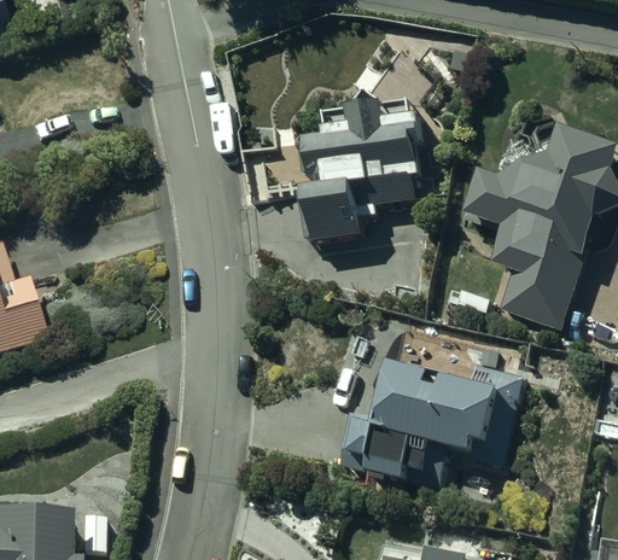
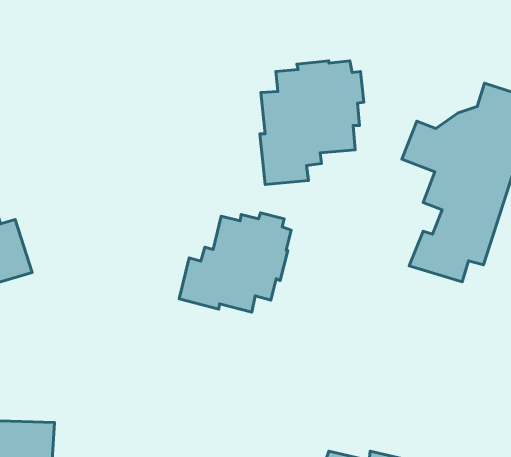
building: none -> [179,213,291,312]
building: [338,356,523,489] -> none

